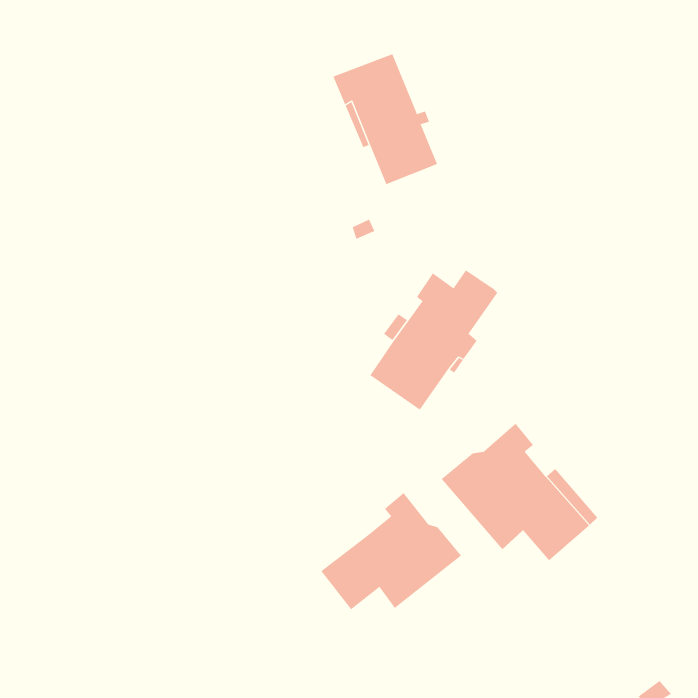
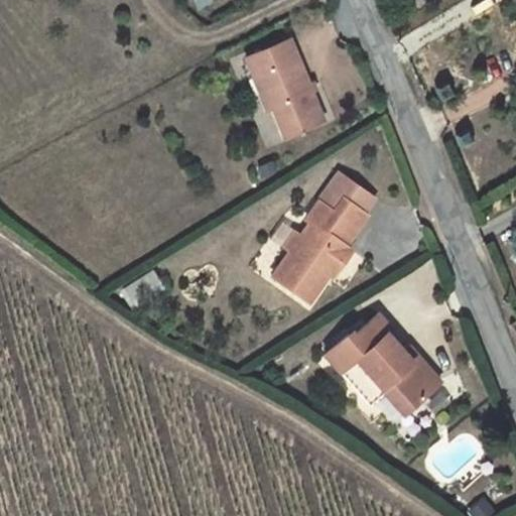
building: none -> [319,174,375,214]
building: [320,492,462,610] -> none

